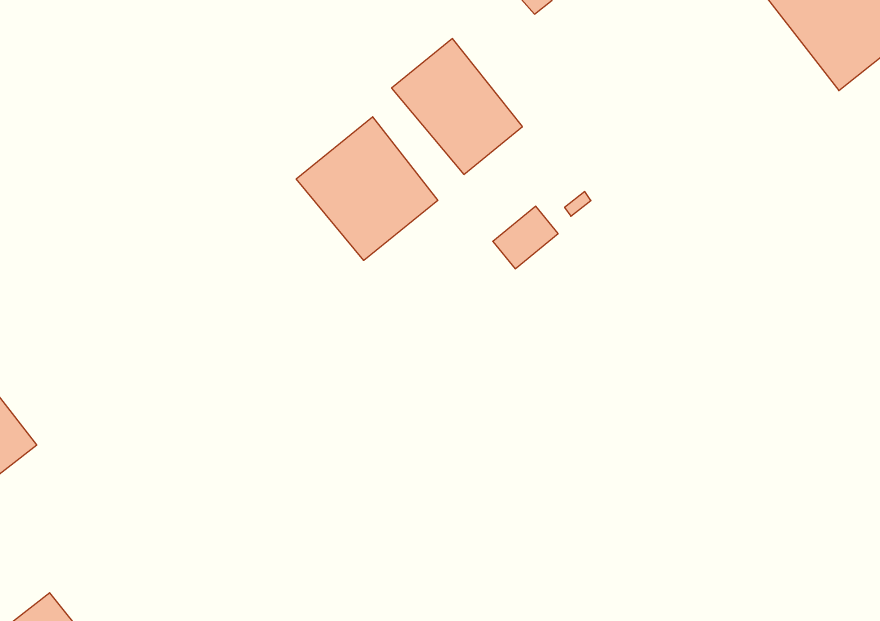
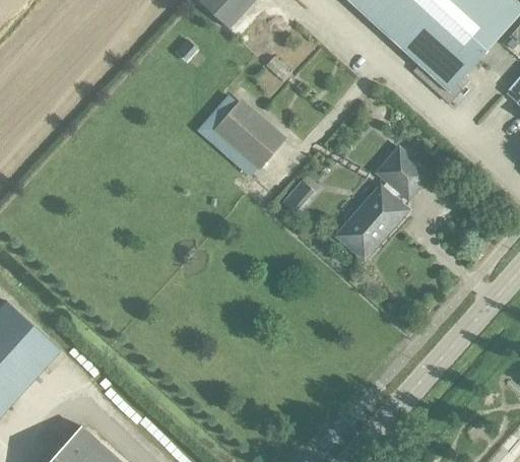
building: [296,117,438,260] -> none
building: none -> [338,151,426,257]

